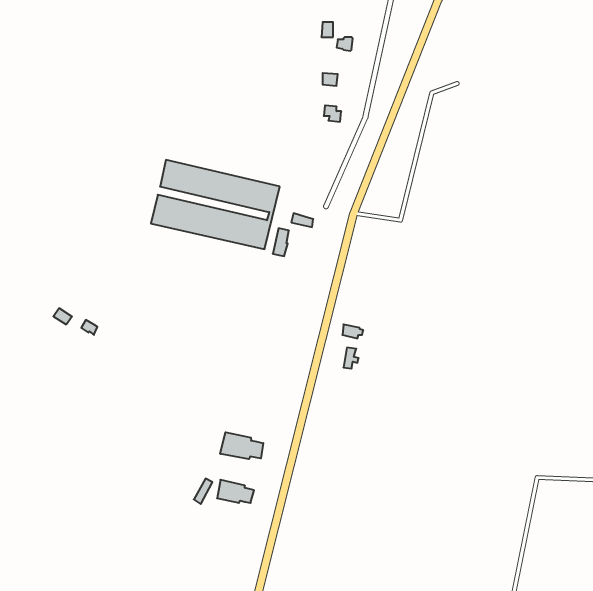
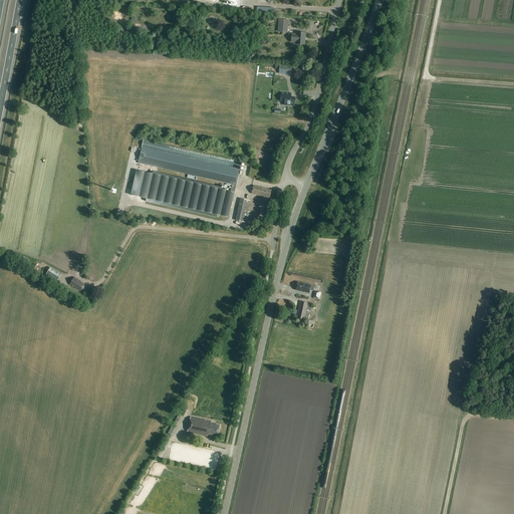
building: [220,432,263,459] -> none

